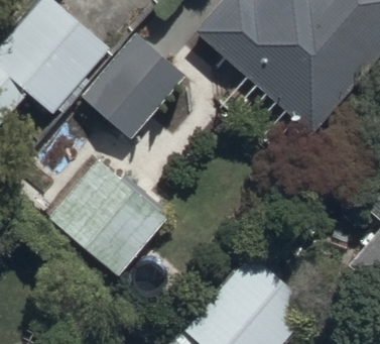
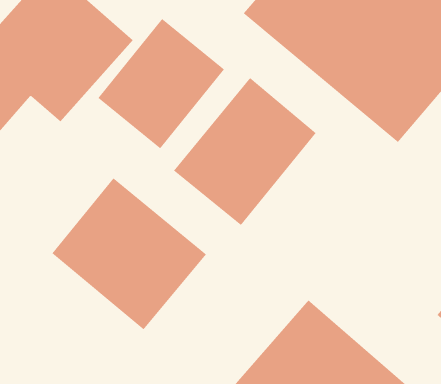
building: none -> [173,77,317,226]

